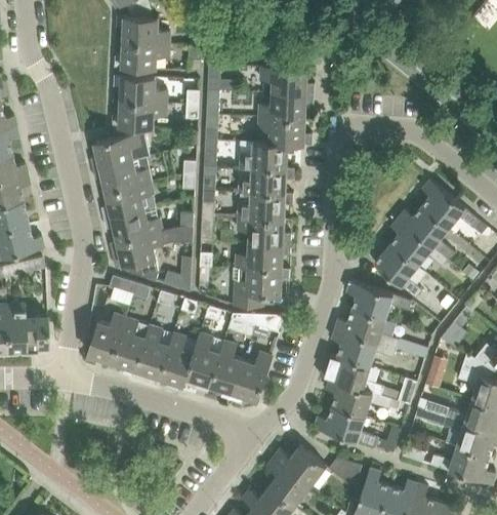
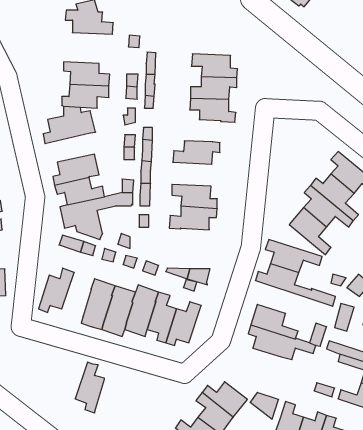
building: [114,42,170,70] -> none
building: [241,142,295,168] -> none
building: [92,158,150,192] -> none
building: [239,192,293,220] -> none
building: [235,268,290,307] -> none
building: [112,319,146,378] -> [75,362,104,413]
building: [332,328,424,366] -> none
building: [315,406,379,447] -> none

